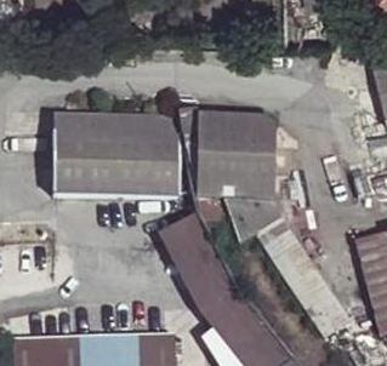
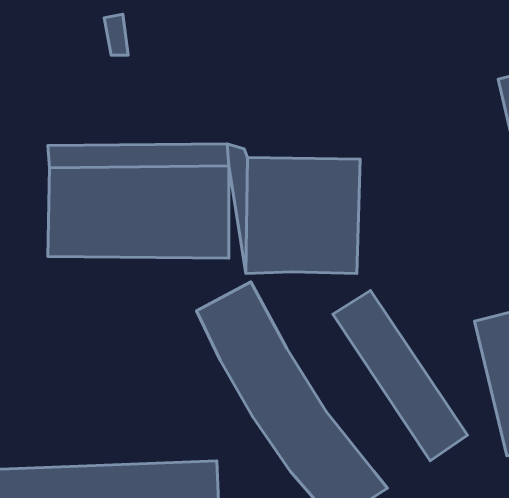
building: [226,202,281,244] -> none

